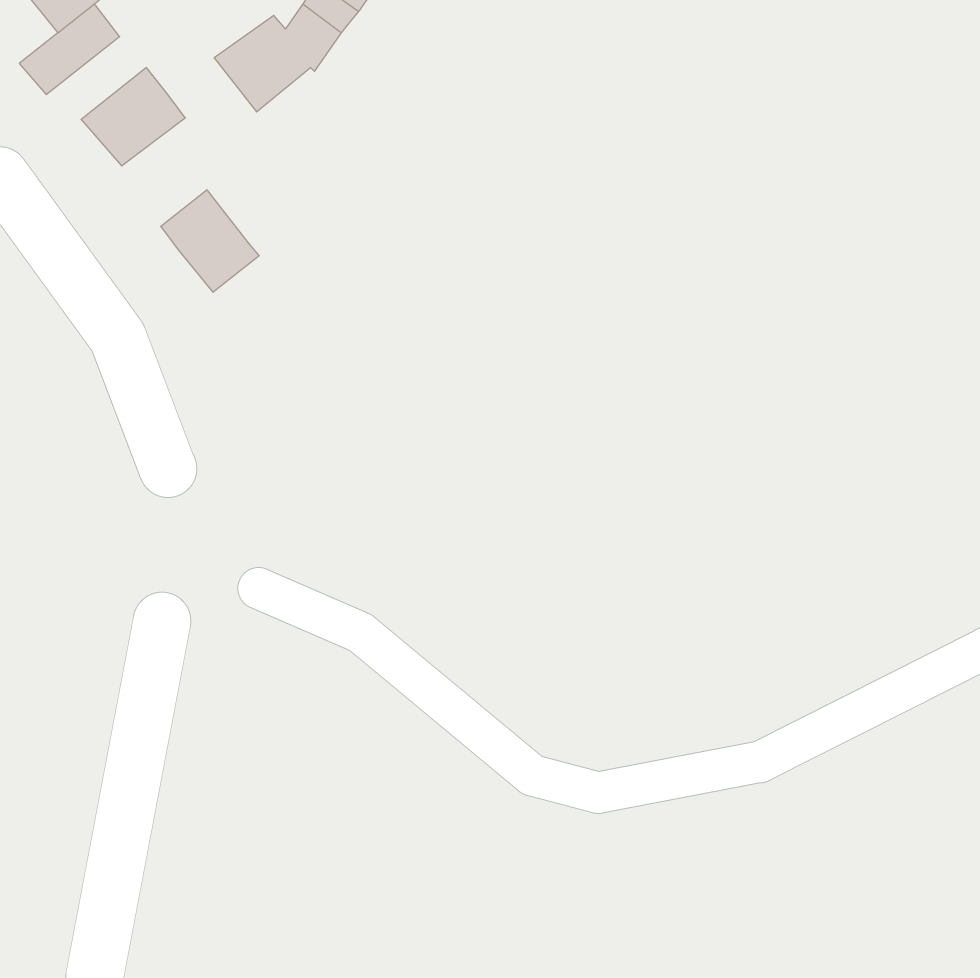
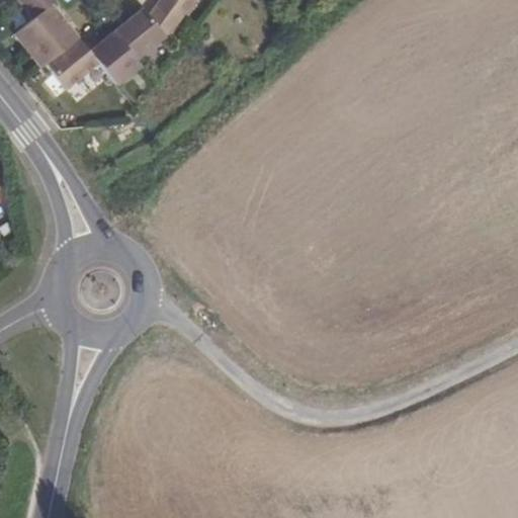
building: none -> [27,19,80,67]
building: [161,190,259,292] -> [91,30,143,84]

